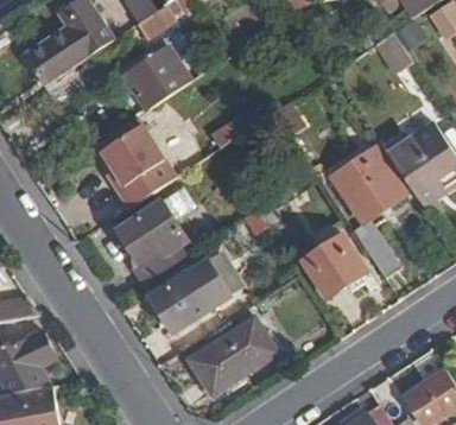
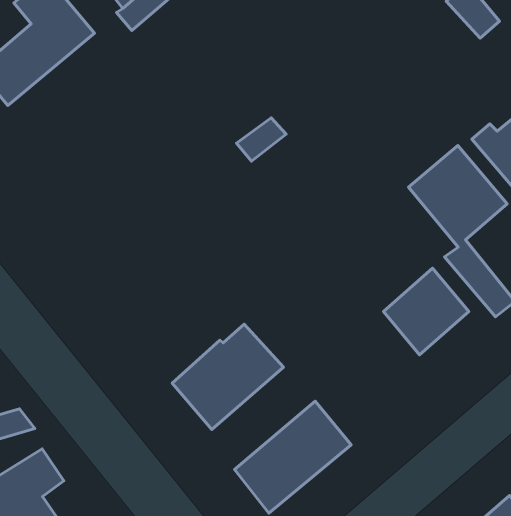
building: [129,46,189,106] -> none
building: [100,127,176,210] -> none
building: [115,204,188,284] -> none

